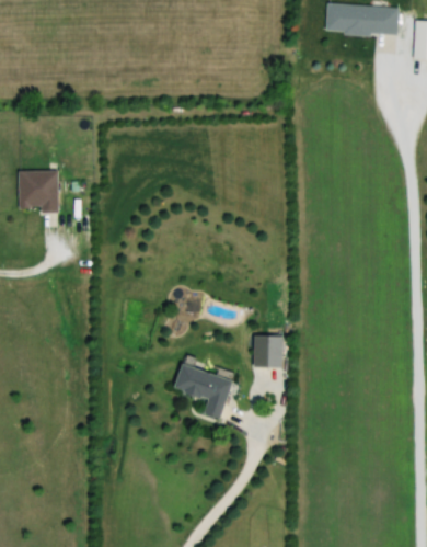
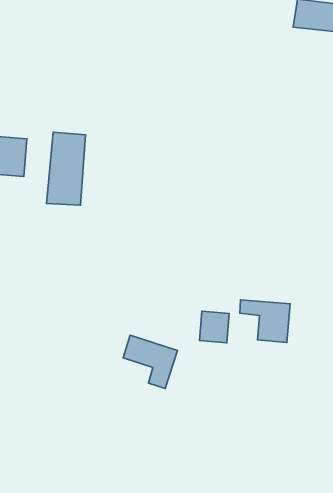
building: none -> [47,132,86,205]
building: none -> [240,300,290,342]

